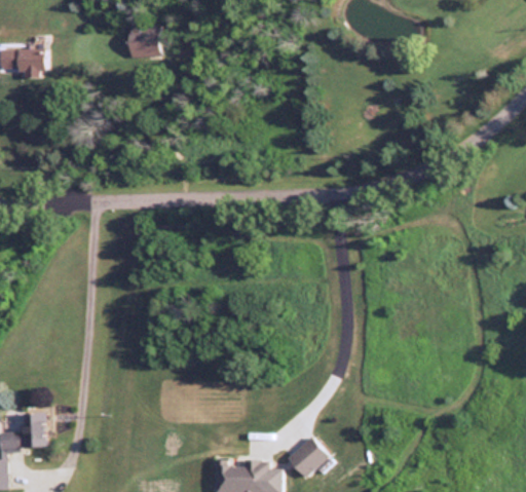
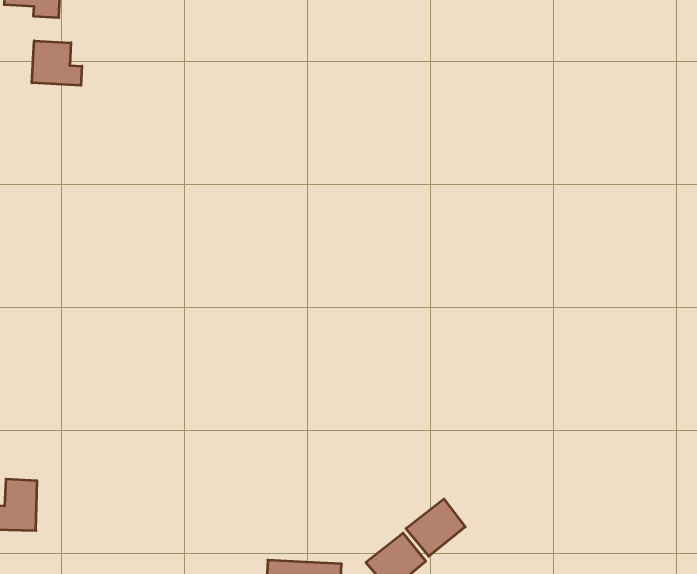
building: none -> [32,41,82,85]
building: none -> [406,499,465,556]

